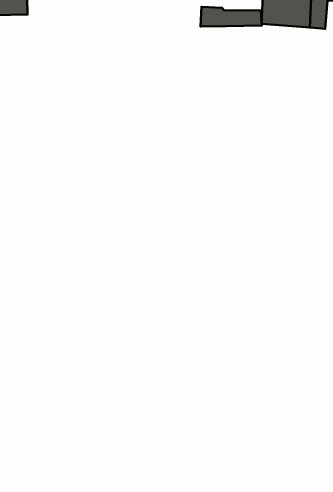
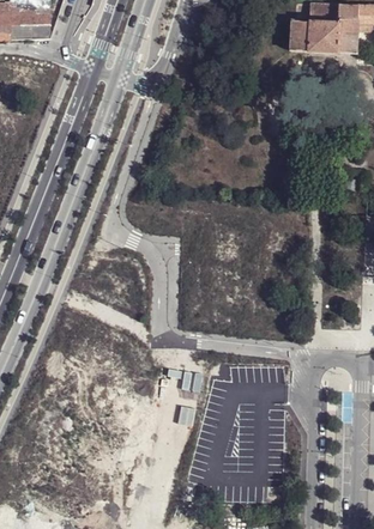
building: [201,7,262,26] -> none

